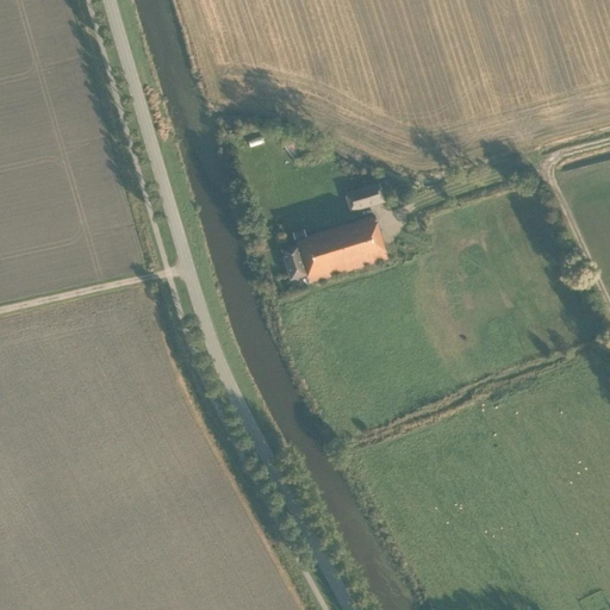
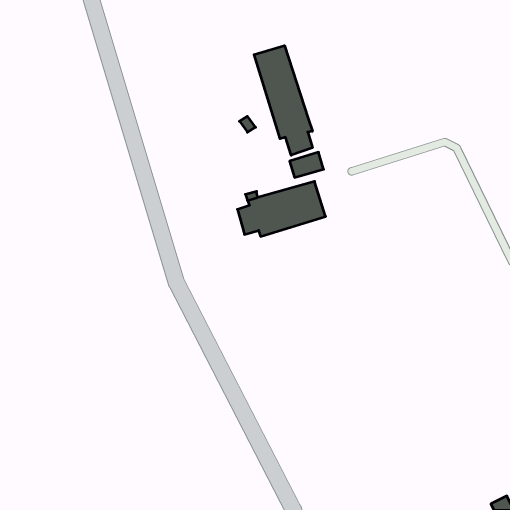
building: none -> [254,46,312,155]

